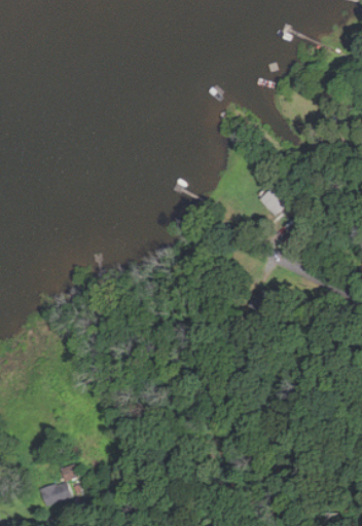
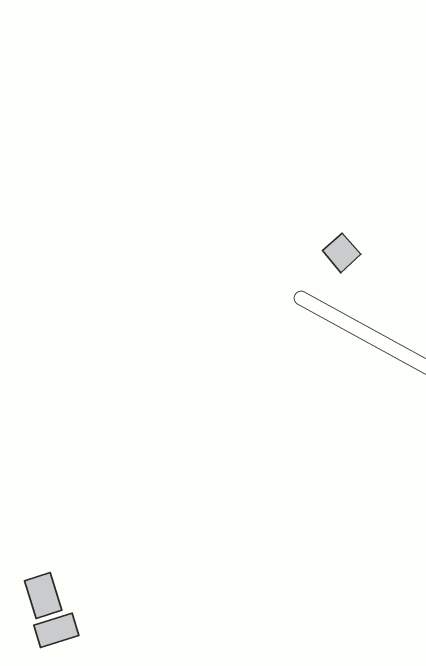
building: none -> [25,572,62,619]

